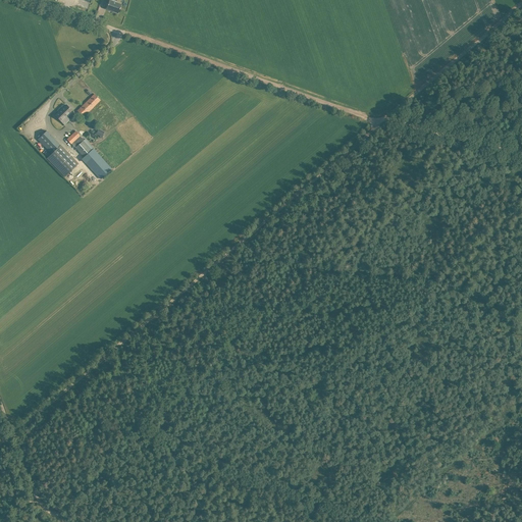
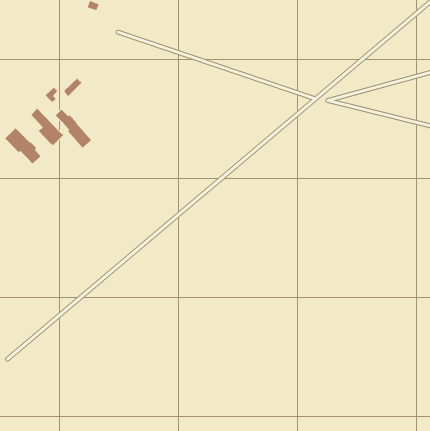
building: none -> [4,127,41,165]

